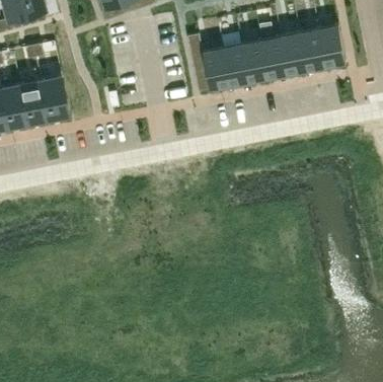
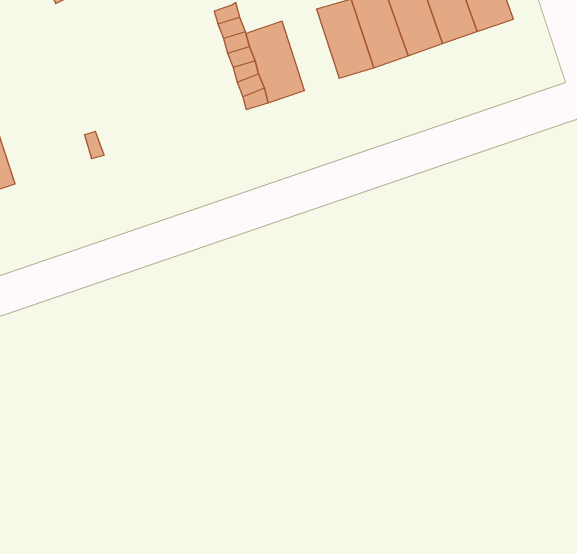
building: [222,41,248,83] -> none

